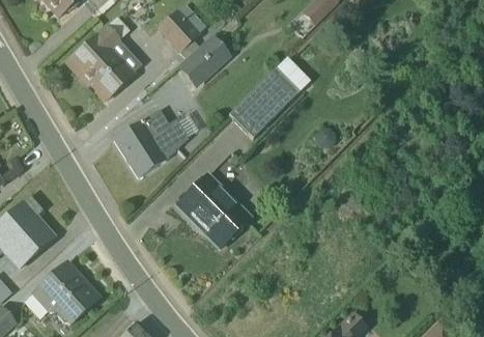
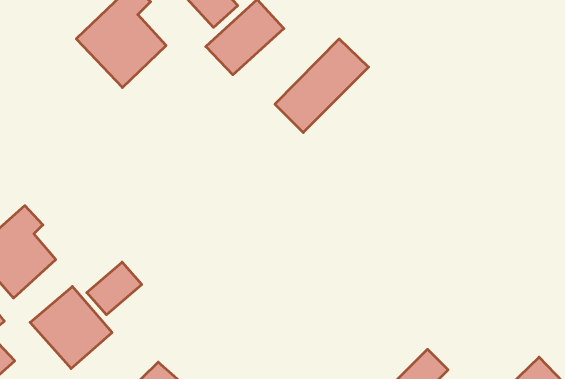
building: [112,108,183,178] -> none
building: [176,172,251,247] -> none
building: none -> [87,262,142,315]

